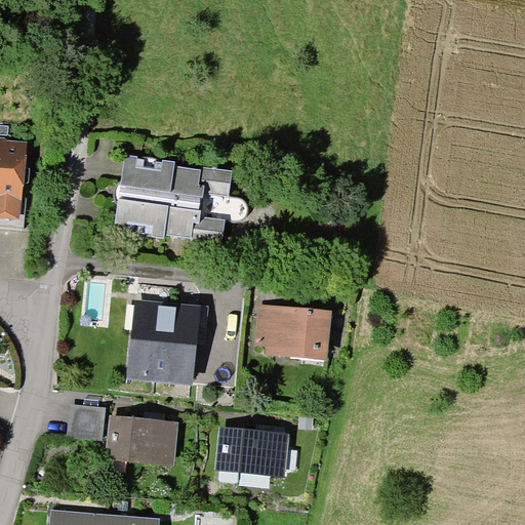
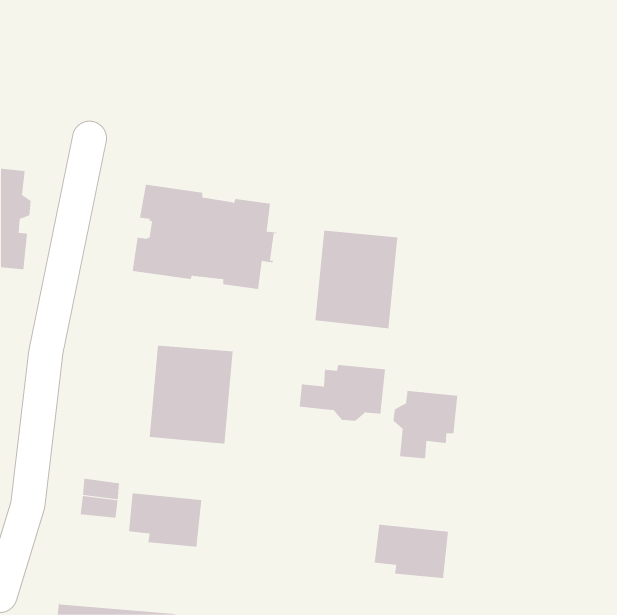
building: none -> [315,230,398,329]
building: none -> [393,390,458,459]
building: [219,429,283,475] -> [374,524,449,579]

